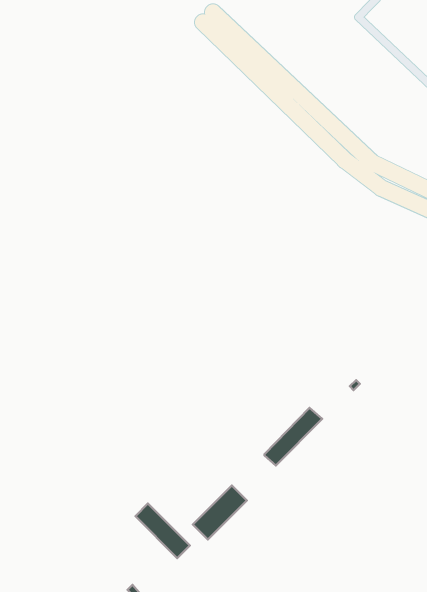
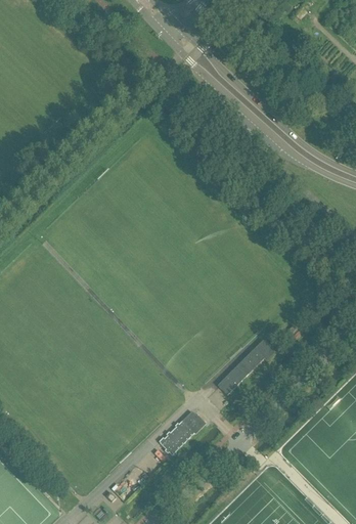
building: [135,504,190,558] -> none

